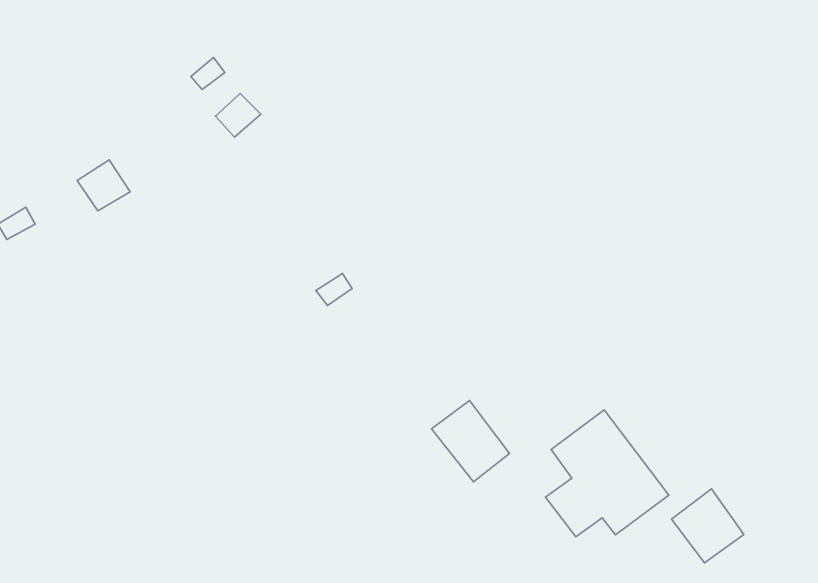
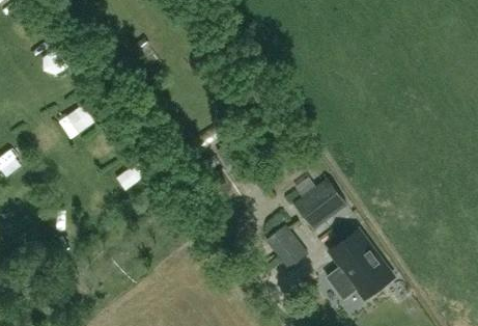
building: none -> [292,179,346,229]
building: [671,489,744,563] -> none

